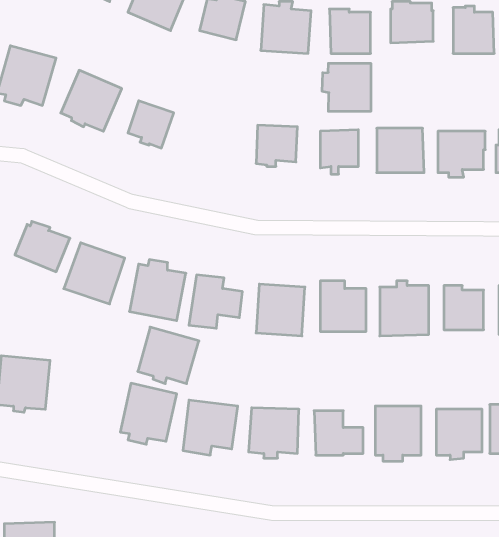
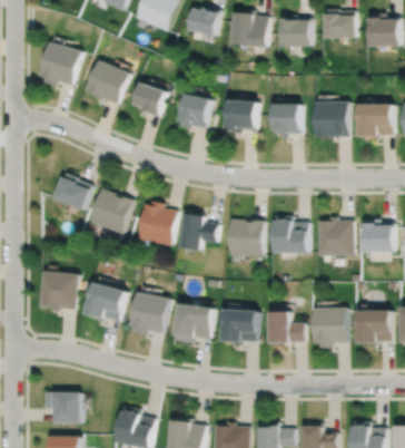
building: [322,63,371,111] -> none
building: none -> [179,96,210,127]
building: [138,327,199,384] -> [82,280,127,321]

